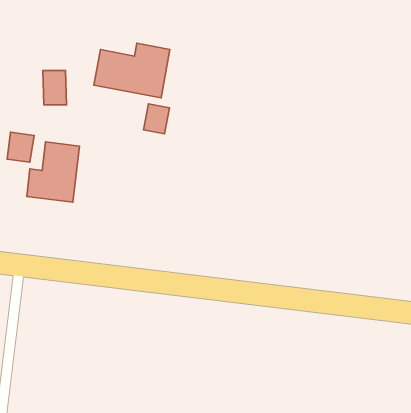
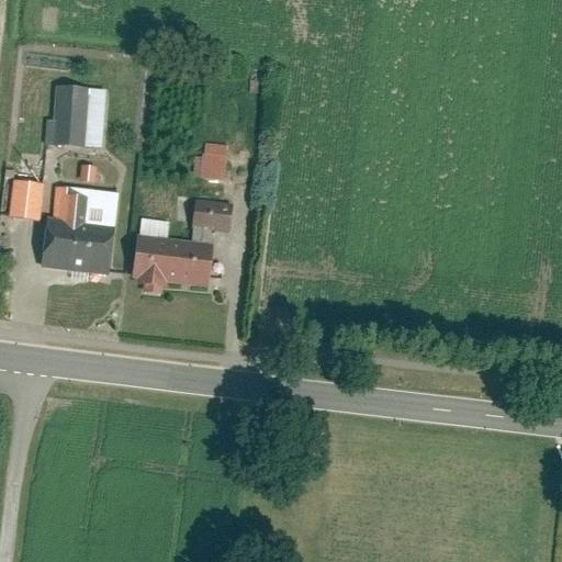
building: [94,43,170,98] -> none
building: none -> [128,198,231,286]

